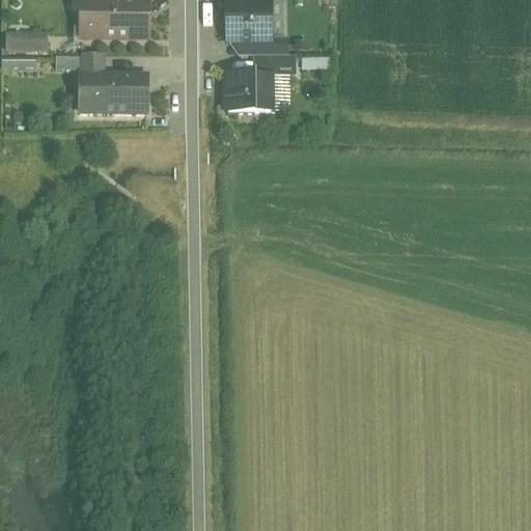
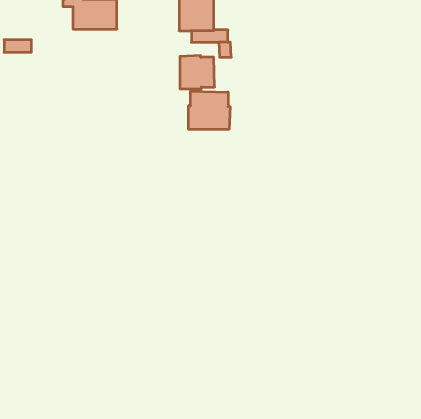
building: [9,29,51,49] -> none
building: [77,52,145,111] -> none
building: none -> [189,91,230,129]

